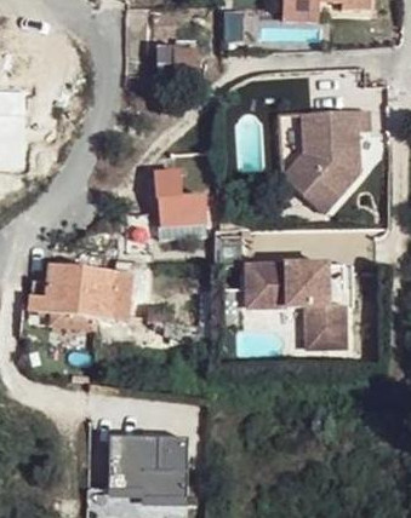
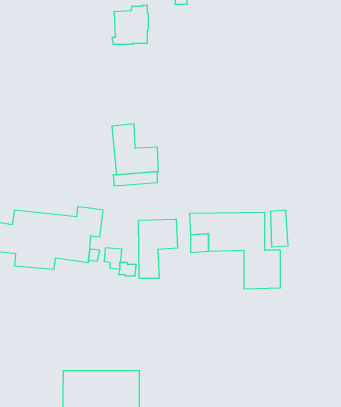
building: [276,108,365,209] -> none
building: none -> [138,219,178,278]

